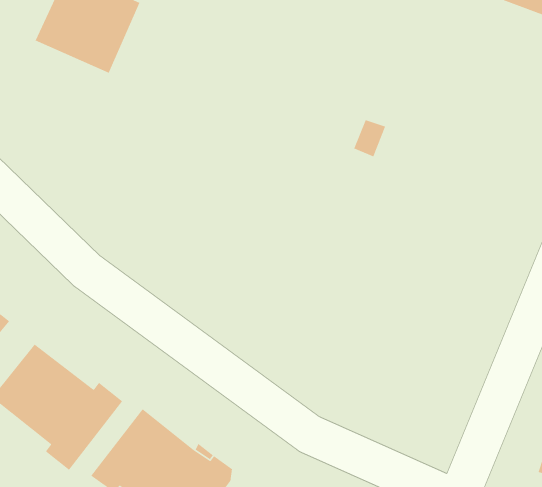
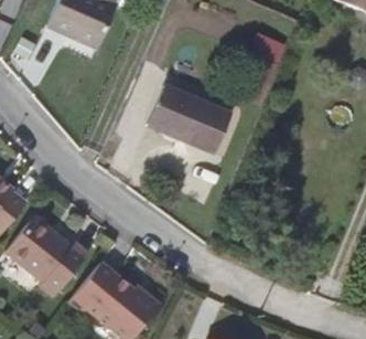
building: none -> [143,85,226,150]

